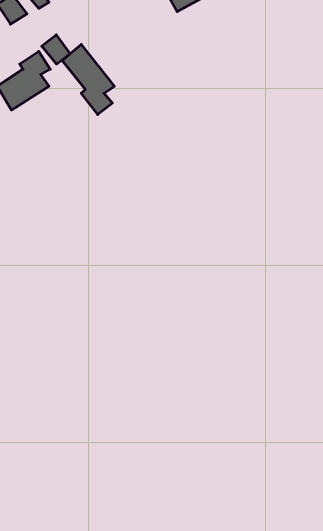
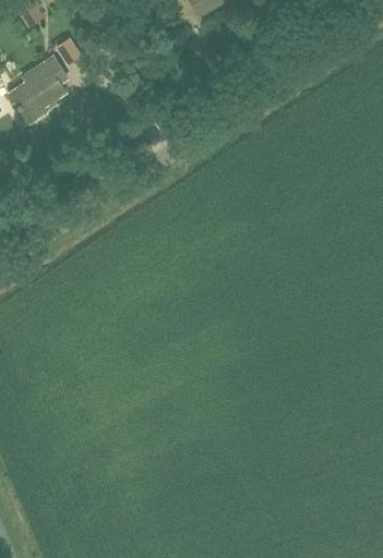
building: [62,44,114,115] -> none

